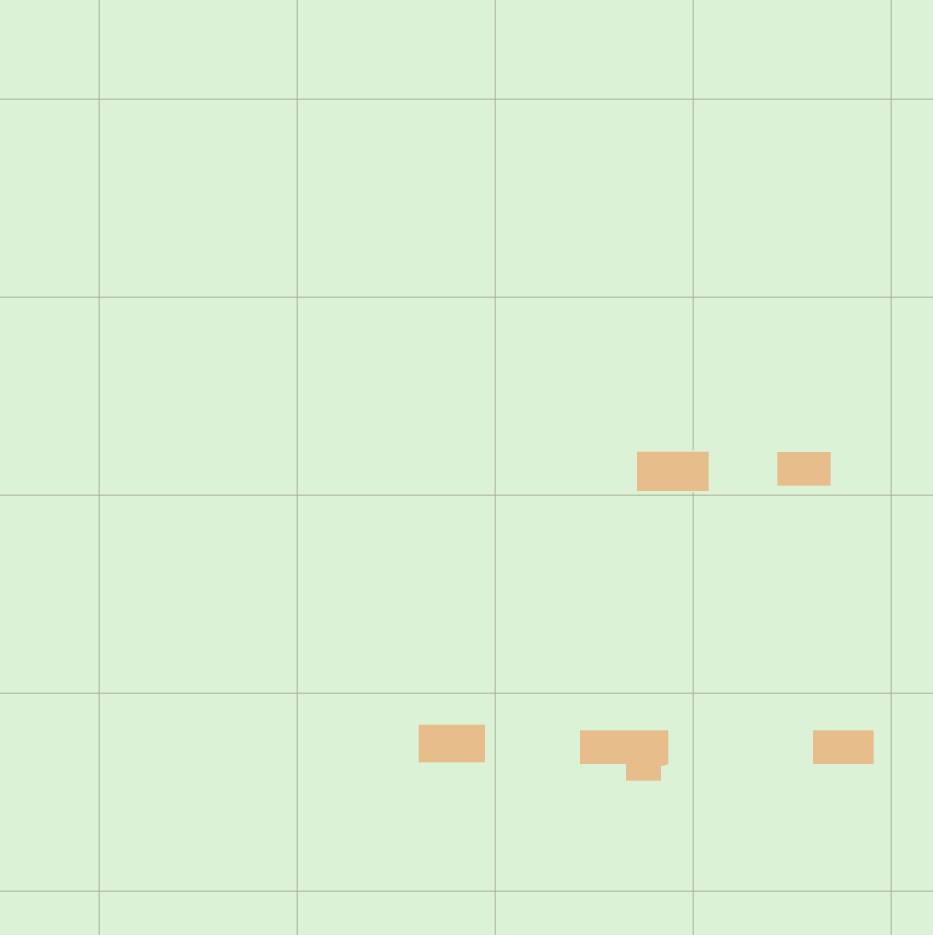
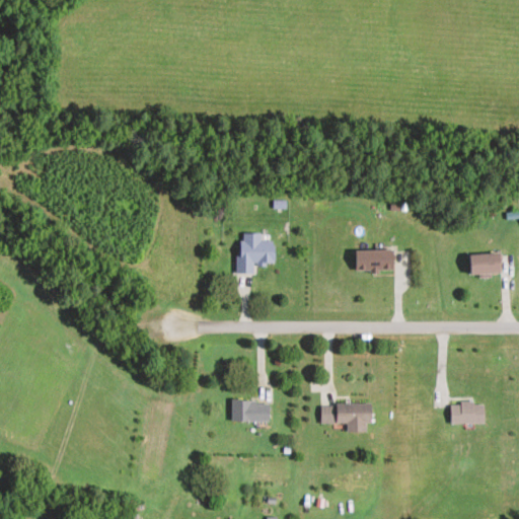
building: none -> [239,233,276,274]
building: [776,451,831,486] -> [469,254,500,274]

